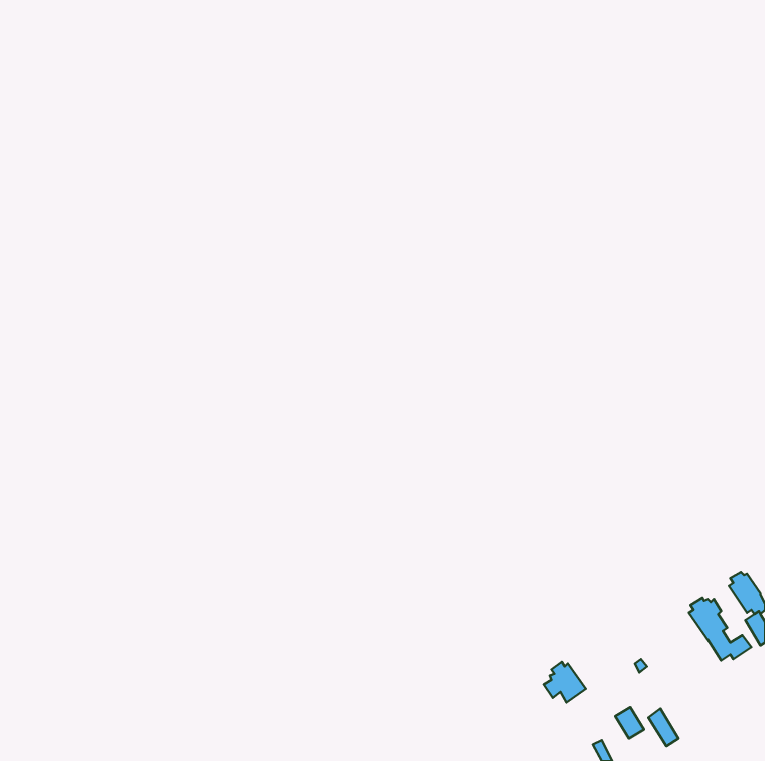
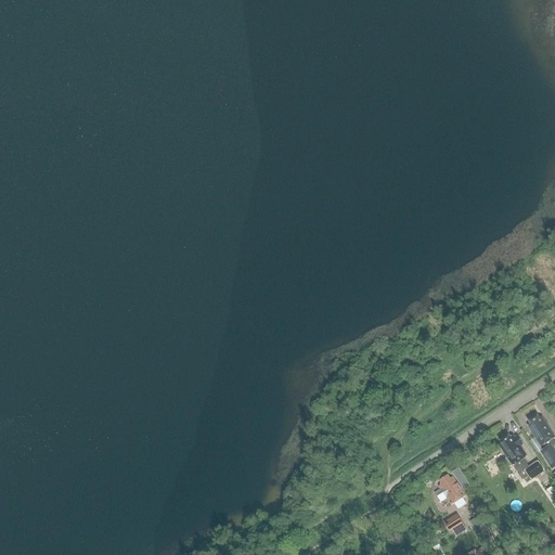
building: [544,662,586,702] -> [435,474,465,503]

